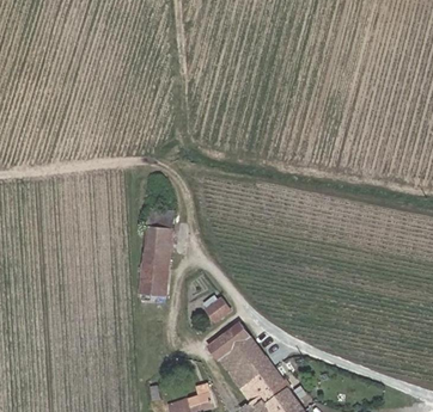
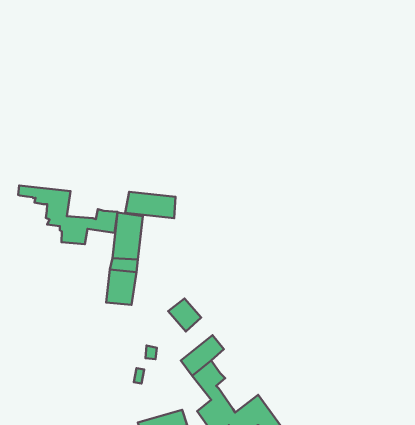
building: none -> [18,186,118,244]
building: none -> [125,192,176,218]
building: [238,337,282,396] -> none

